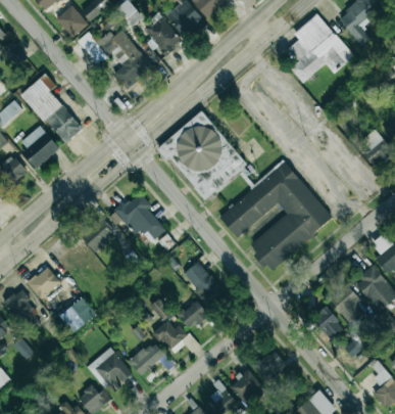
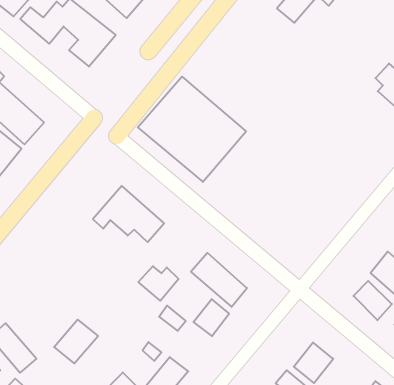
building: [219,159,334,271] -> none
building: [82,218,116,251] -> none
building: [28,266,61,298] -> none
building: [154,320,188,350] -> [138,266,179,301]

